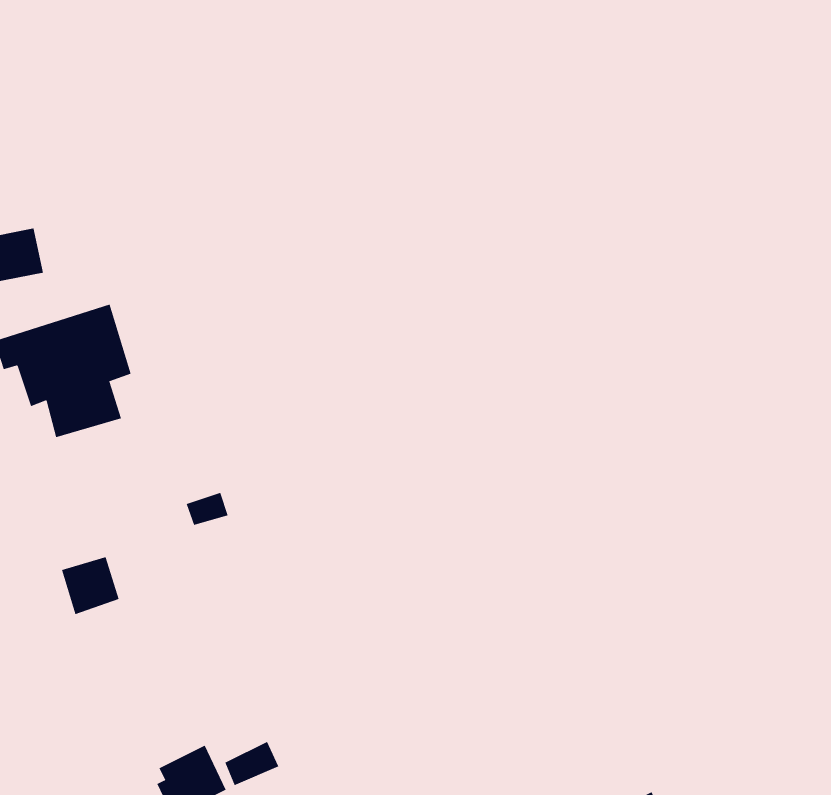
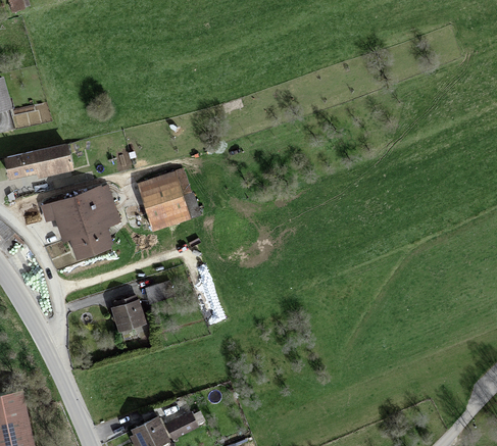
building: none -> [138,170,190,230]
building: [61,556,120,615] -> [112,299,143,330]

